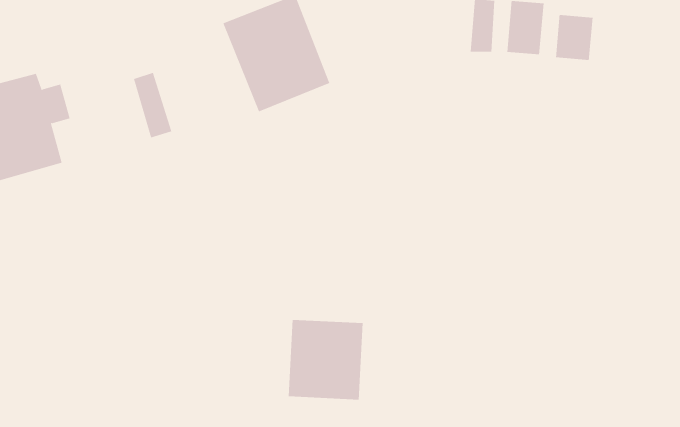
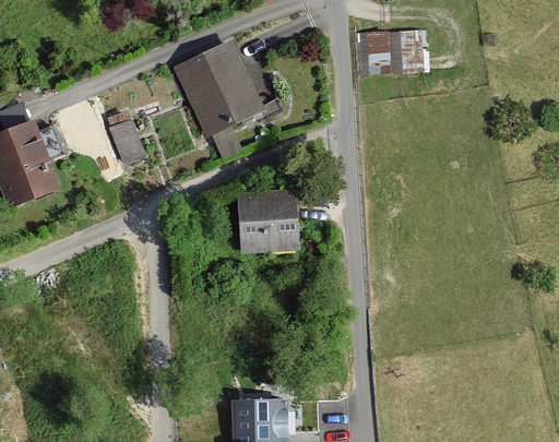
building: [555,14,593,61] -> none
building: [288,319,363,400] -> [239,190,297,252]

